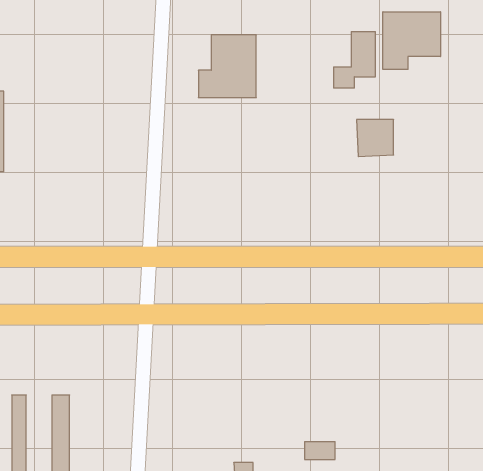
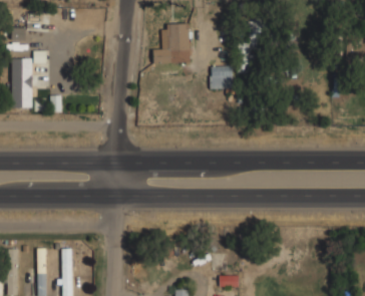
building: [383,12,440,69] -> none
building: [357,120,394,157] -> [210,66,233,89]

